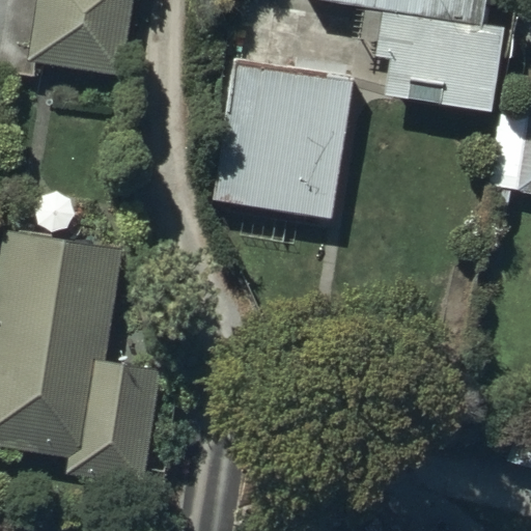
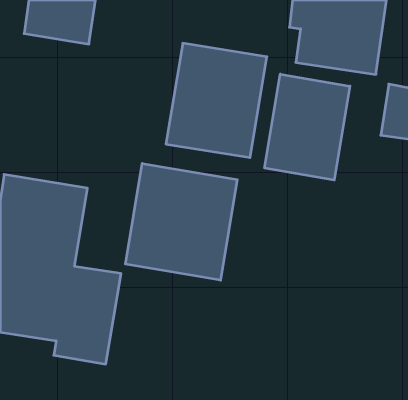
building: none -> [265,74,350,180]
building: none -> [125,163,237,280]

